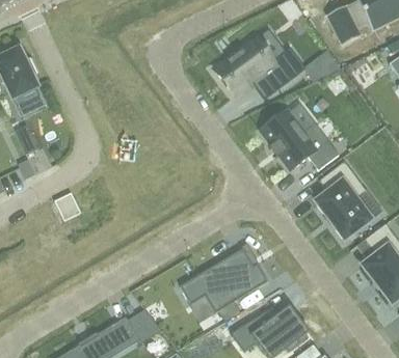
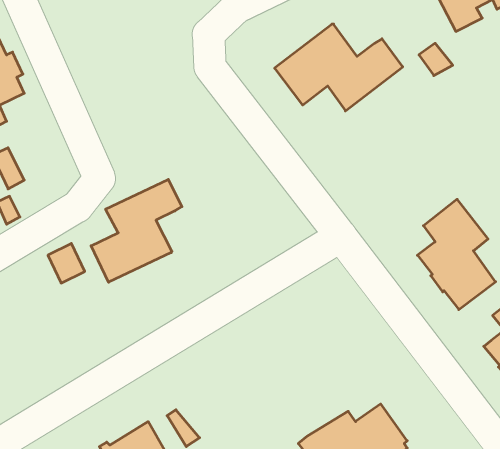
building: [261,110,339,169] -> none
building: none -> [91,179,182,282]
building: [180,247,268,320] -> none

